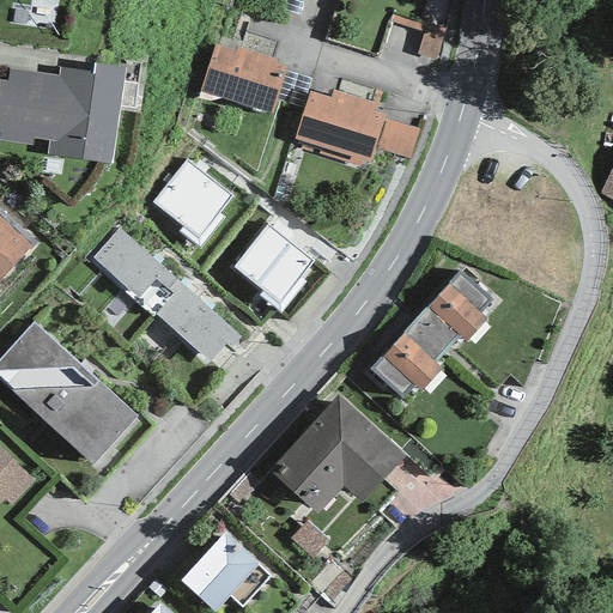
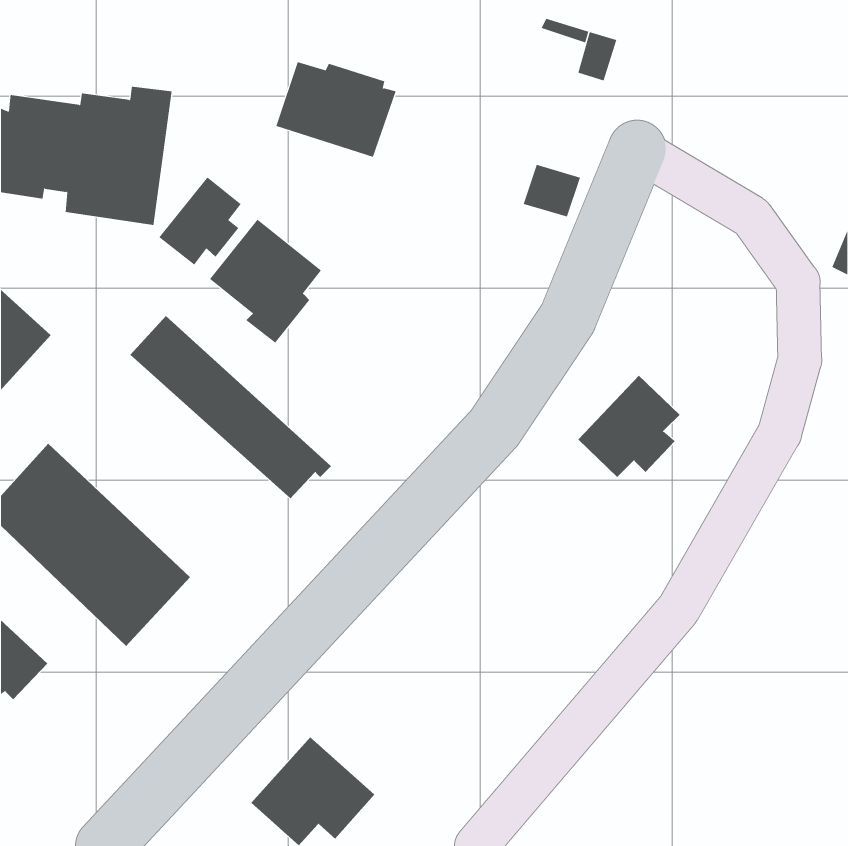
building: [295,89,384,165] -> none
building: none -> [159,177,241,266]
building: [232,221,314,311] -> none
building: [369,317,445,399] -> none
building: [268,394,406,514] -> none

